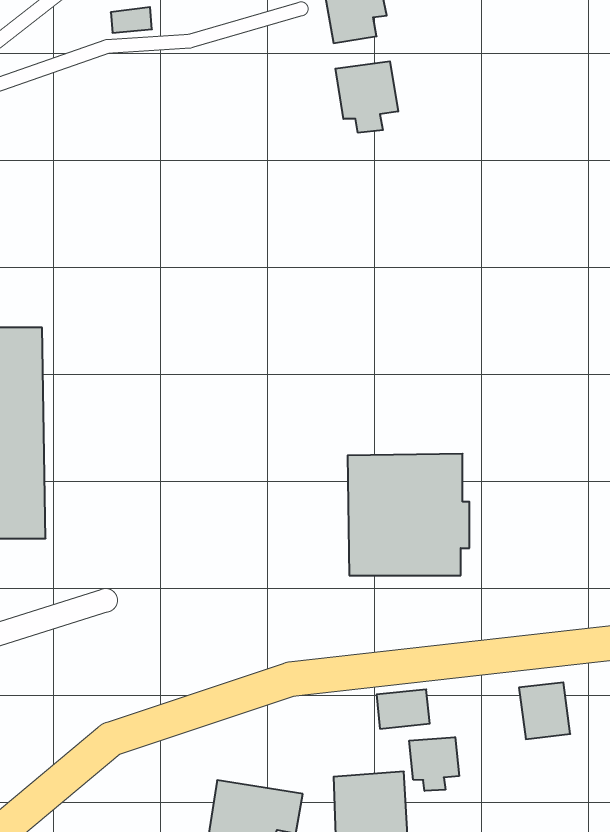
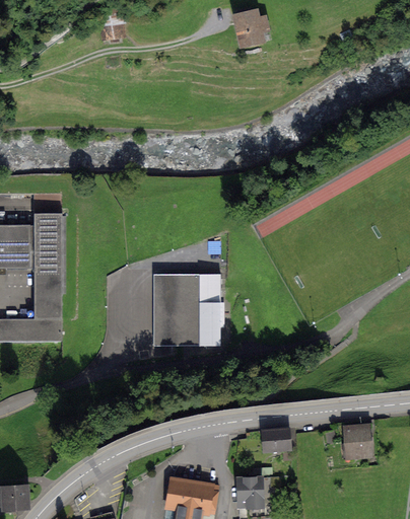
building: [335,61,398,133] -> none
building: [348,454,469,575] -> [153,273,225,345]
building: [409,737,459,791] -> none

